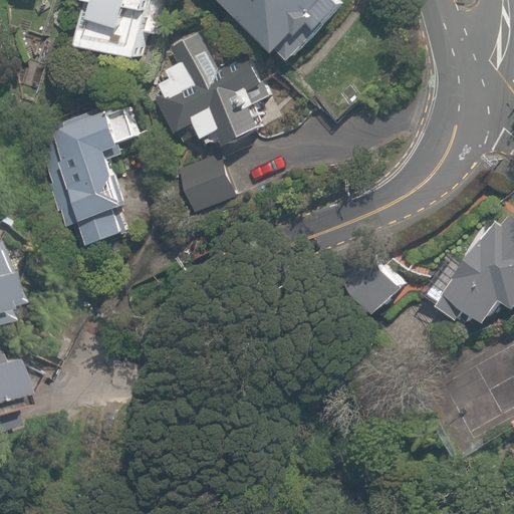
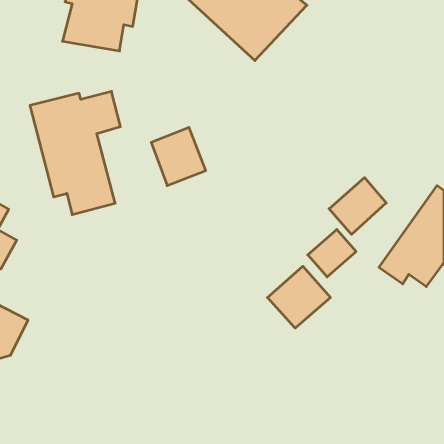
building: [160,28,266,147] -> none
building: none -> [329,178,386,234]
building: none -> [267,266,330,328]

